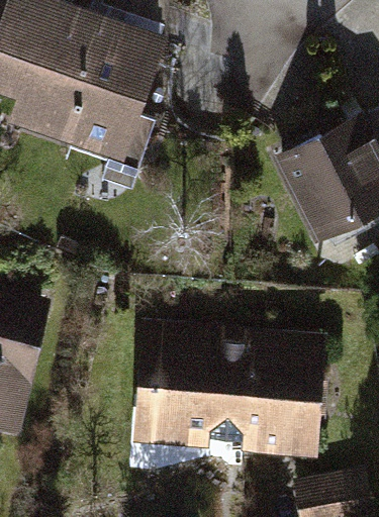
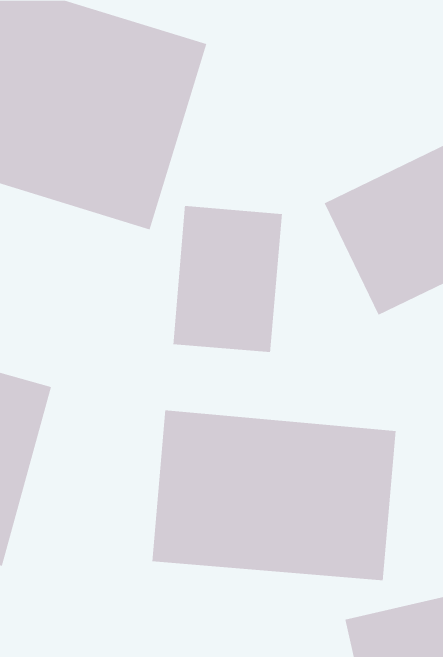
building: none -> [173,205,282,353]

